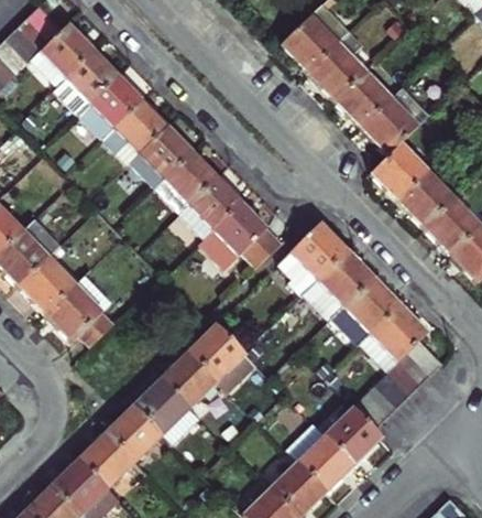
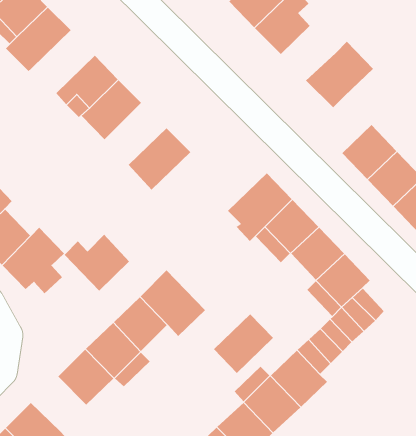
building: [335,71,391,127] -> none
building: [78,75,143,140] -> none
building: [370,143,428,202] -> none
building: [153,150,217,214] -> none
building: [201,201,283,269] -> none
building: none -> [64,234,130,292]
building: none -> [213,313,274,374]
building: [77,432,134,488] -> none

